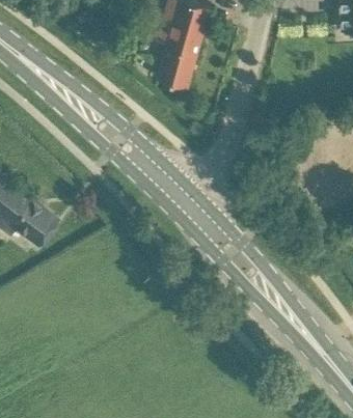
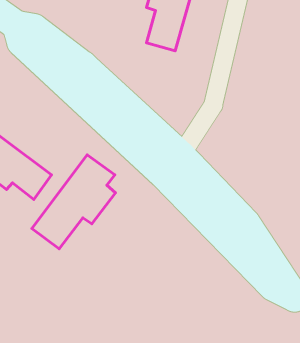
building: none -> [32,155,116,249]

